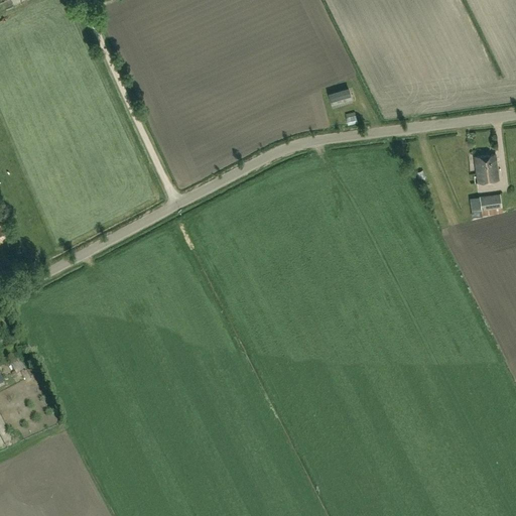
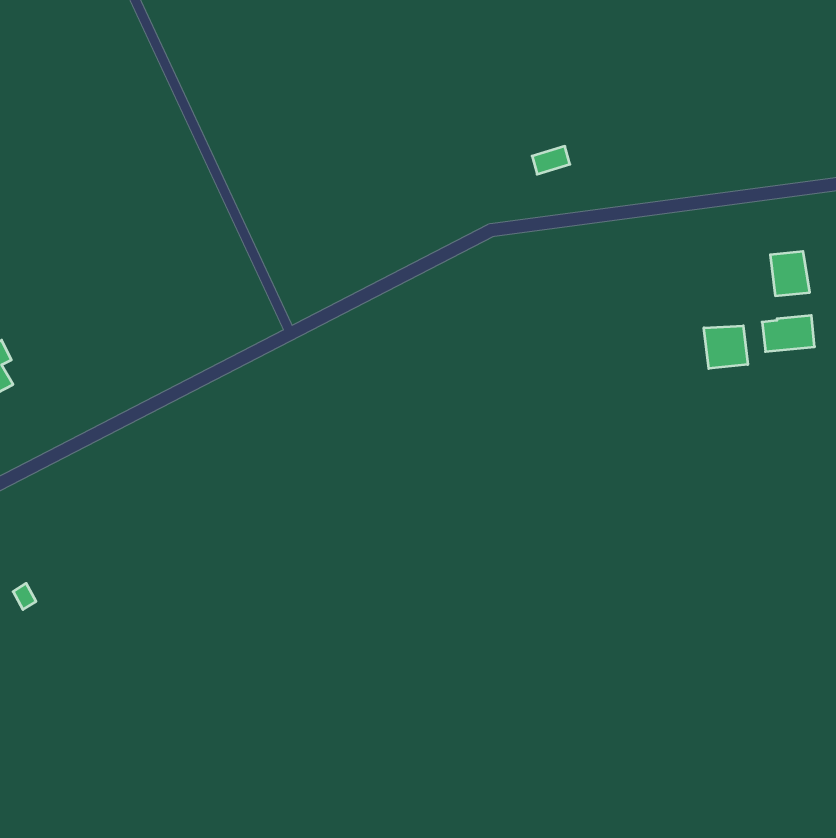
building: none -> [704,326,748,369]

